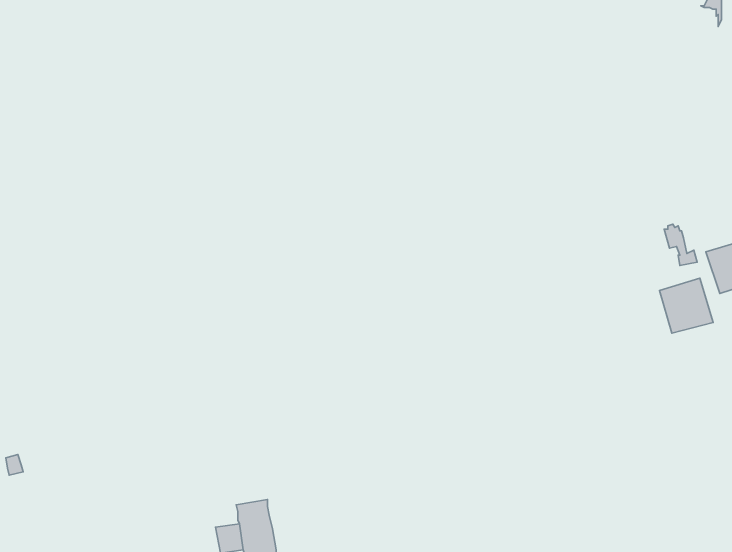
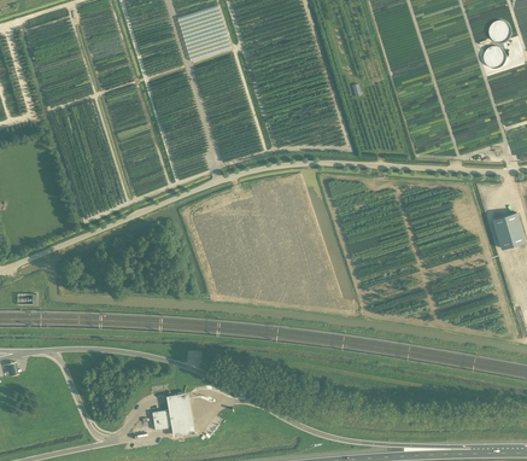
building: [660,278,713,333] -> none

